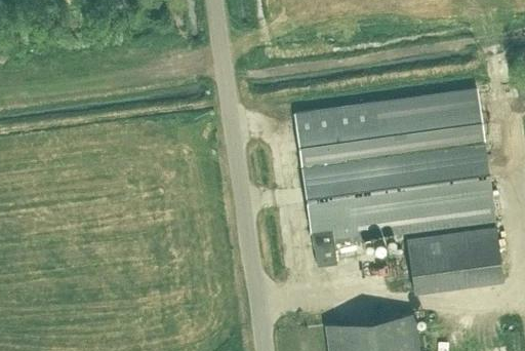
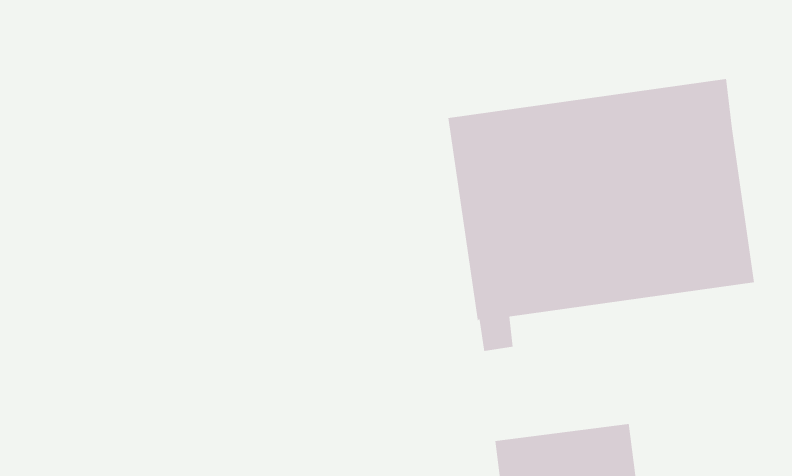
building: [407,227,504,292] -> none

